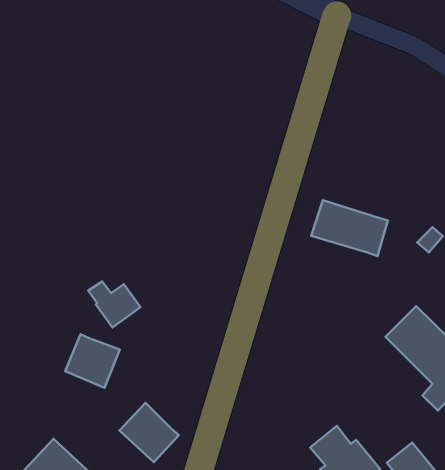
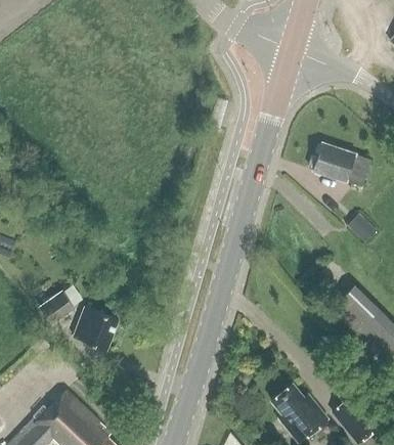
building: [311,200,388,256] -> [310,140,371,185]
building: [88,282,140,327] -> [34,288,76,325]
building: [119,403,179,462] -> none

